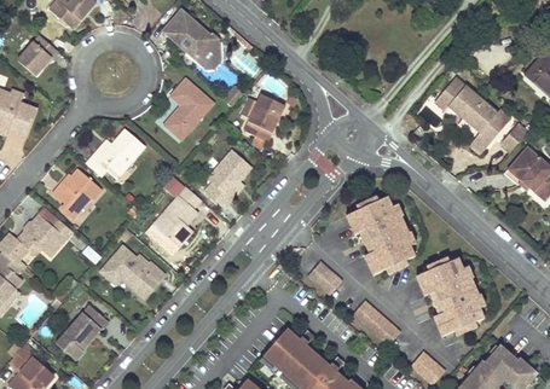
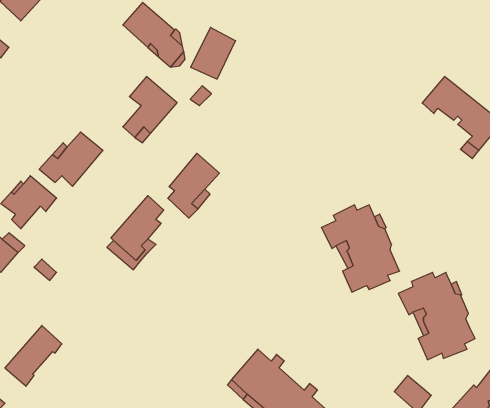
building: [242,94,283,141] -> [191,27,236,79]
building: [98,245,164,301] -> none
building: [306,261,341,295] -> none
building: [352,300,399,346] -> none

